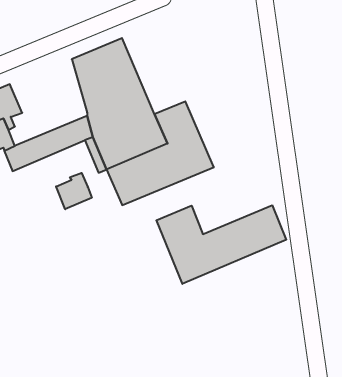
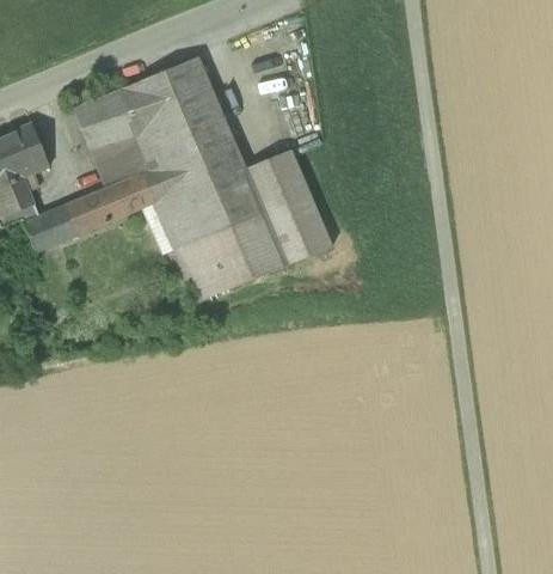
building: none -> [73,87,146,183]
building: [56,173,92,209] -> none
building: [156,205,286,284] -> none

